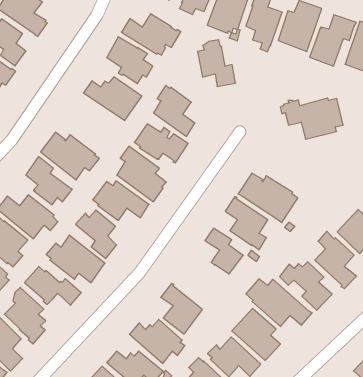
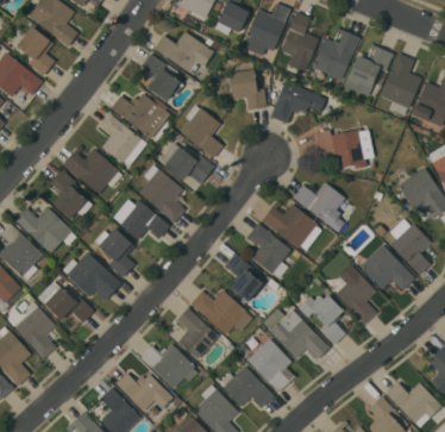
building: none -> [270,81,326,123]
building: none -> [98,112,148,167]
building: none -> [293,182,345,232]
building: none -> [190,287,252,334]

